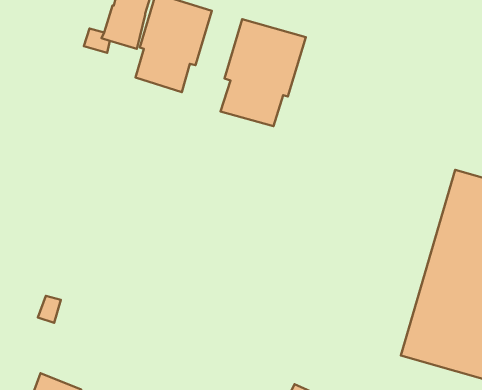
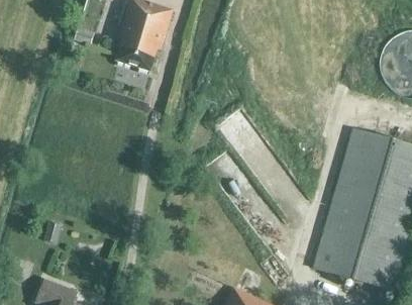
building: [221,19,306,126] -> none

